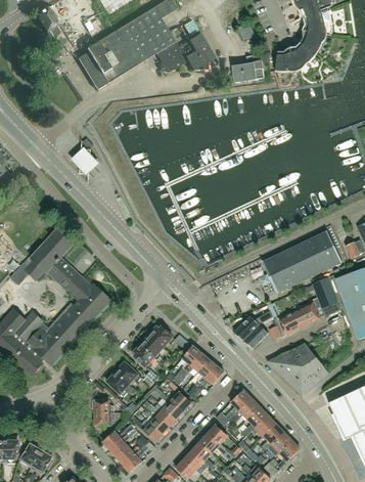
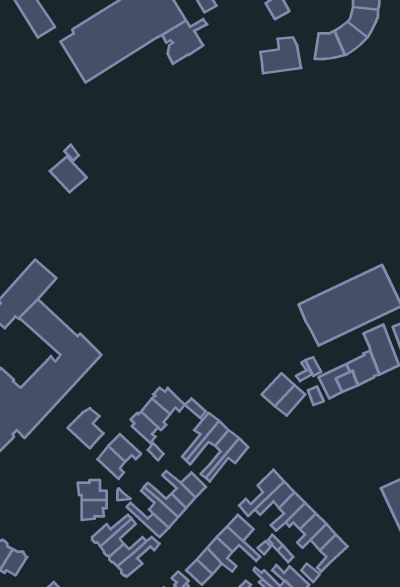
building: [181,33,218,70] -> none
building: none -> [68,408,104,448]
building: [267,343,327,395] -> none

